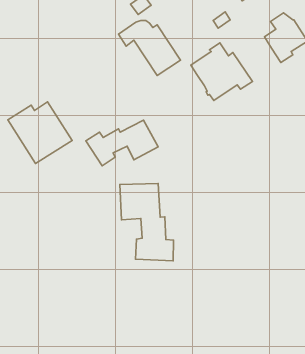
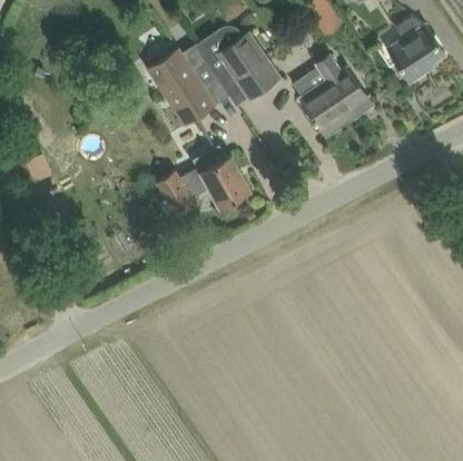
building: [8,102,72,164] -> [147,46,230,126]
building: [120,184,174,261] -> none

